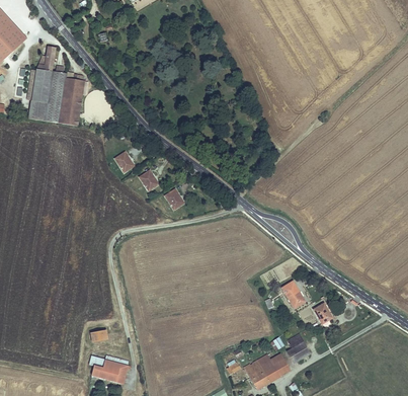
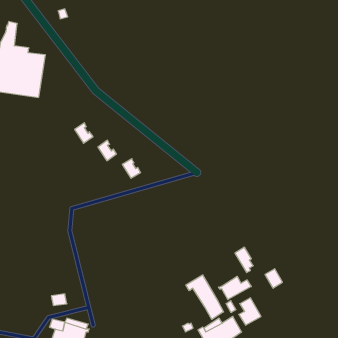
building: none -> [186,275,224,319]
building: none -> [219,276,251,300]

